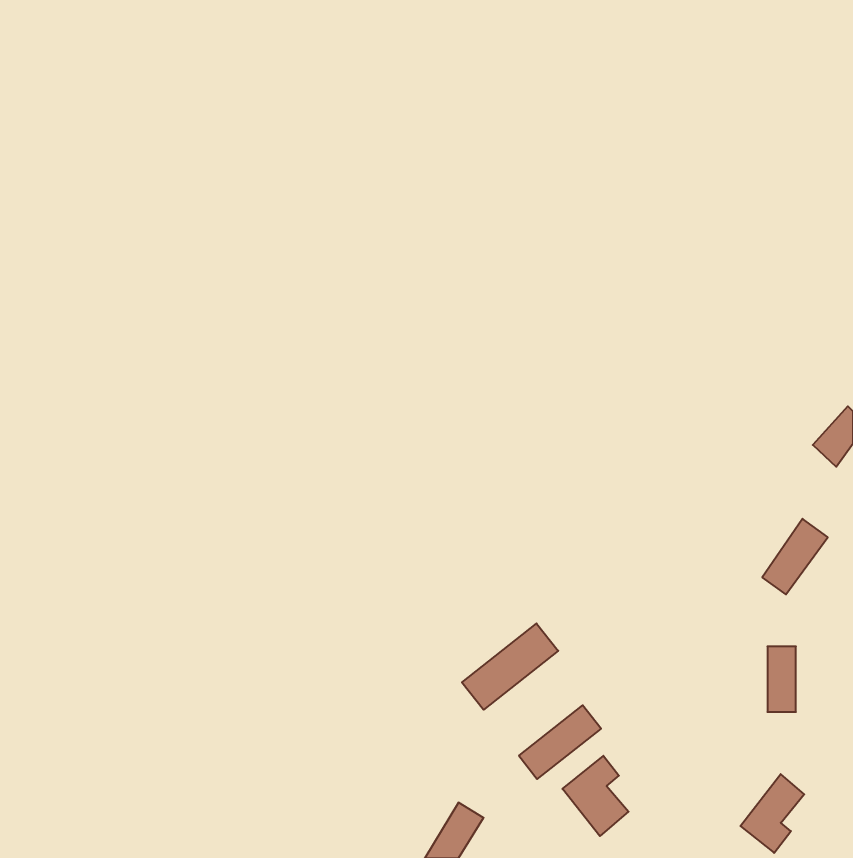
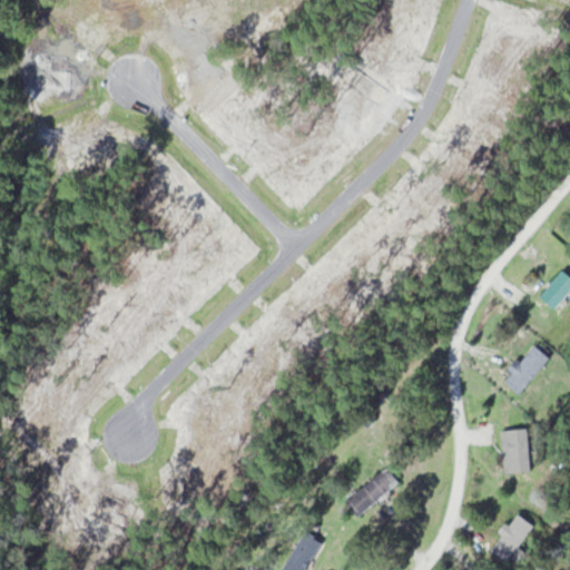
building: [462,623,558,710] -> none
building: [562,756,629,836] -> none

